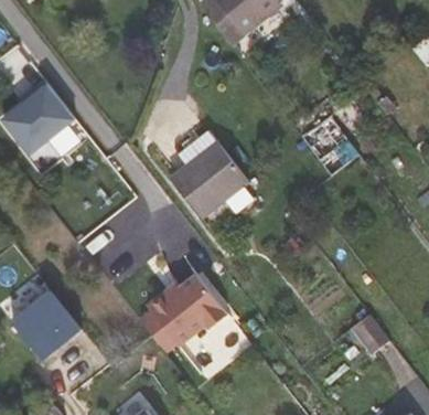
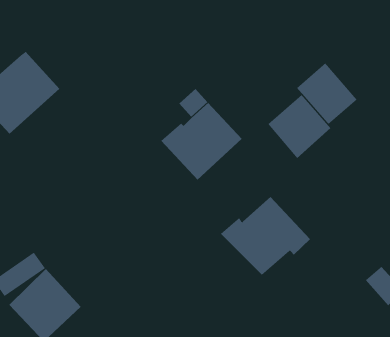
building: none -> [268,94,331,159]
building: [147,278,233,353] -> [220,196,311,275]

